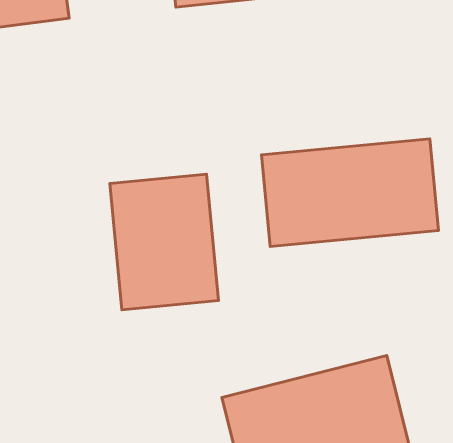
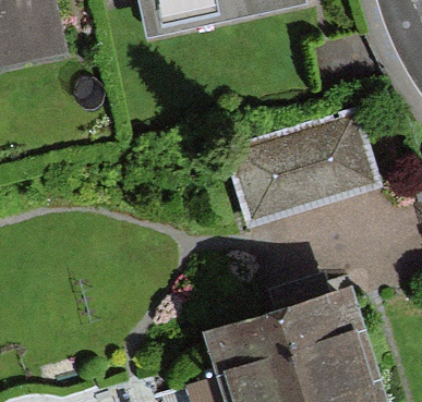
building: [110,174,218,310] -> none

